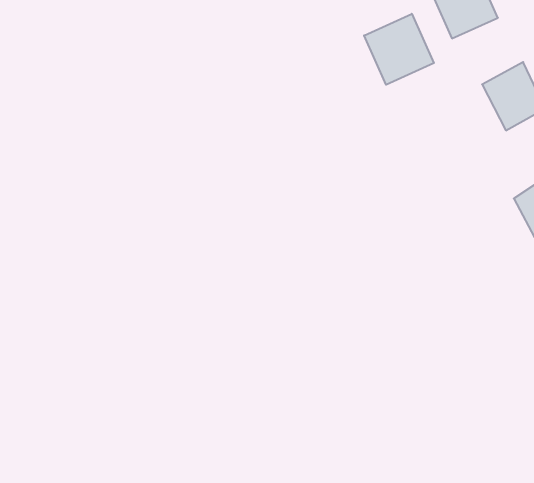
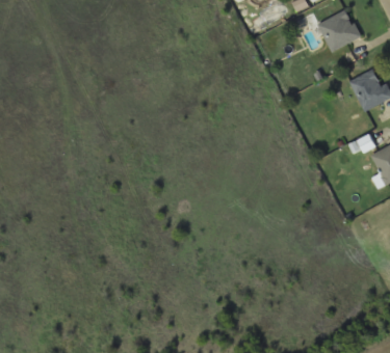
building: [364,14,434,85] -> none

